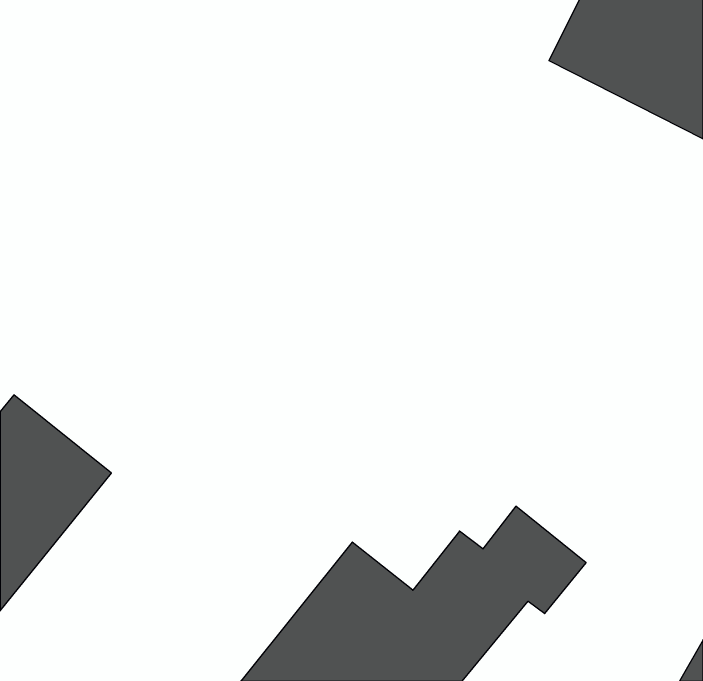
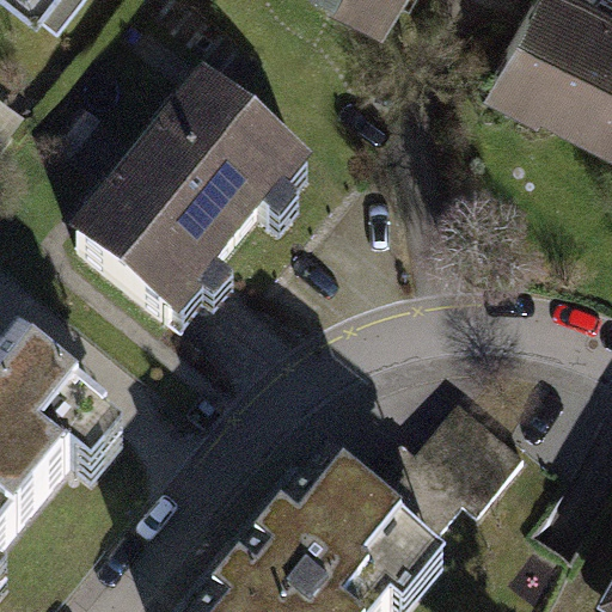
building: none -> [73,85,287,316]

